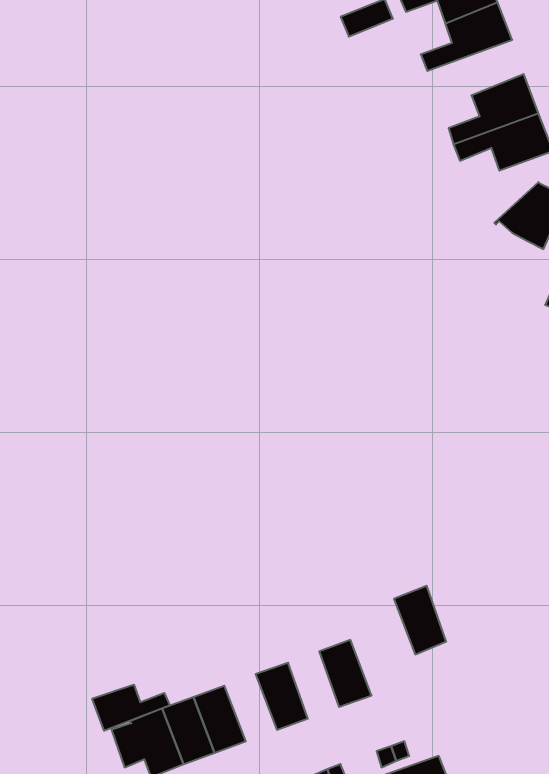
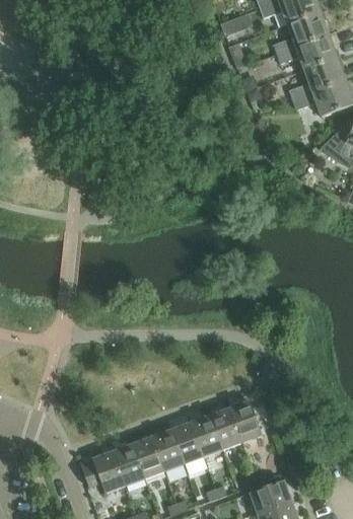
building: none -> [277,35,337,70]
building: [394,586,446,654] -> [229,399,262,442]
building: none -> [191,415,222,456]
building: none -> [151,429,184,470]
building: [92,685,170,731] -> none

